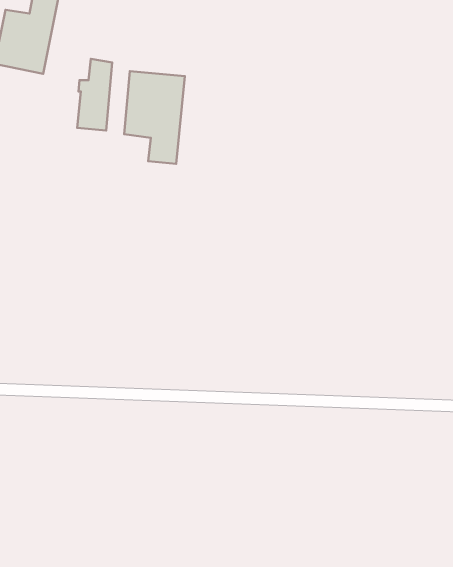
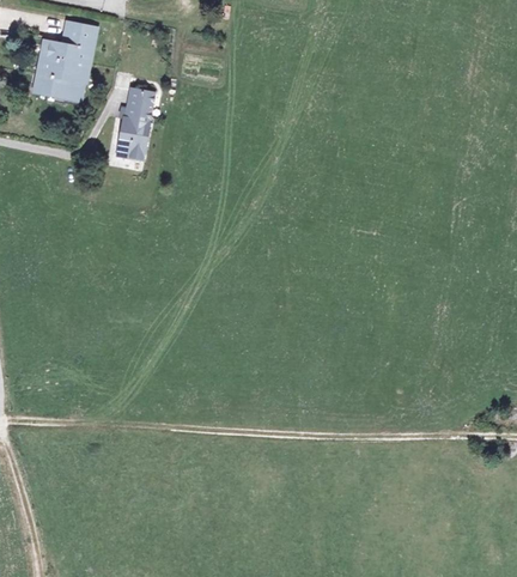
building: [124,71,185,164] -> none

